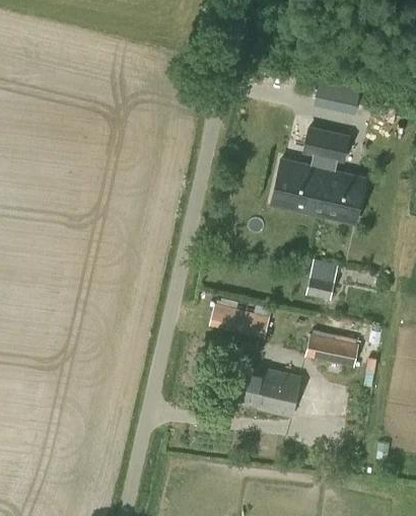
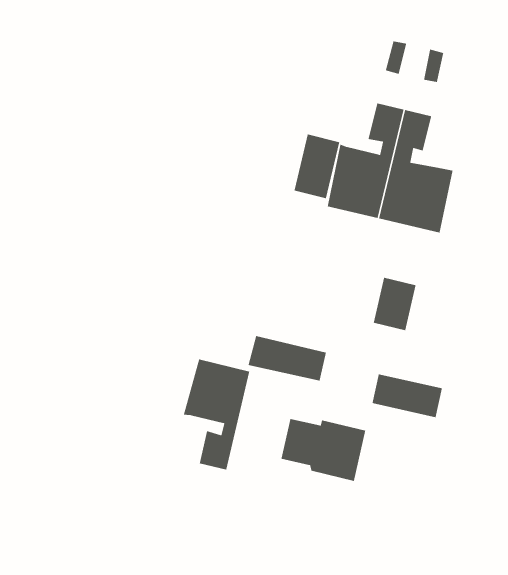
building: none -> [293,134,340,199]
building: none -> [183,358,250,471]

